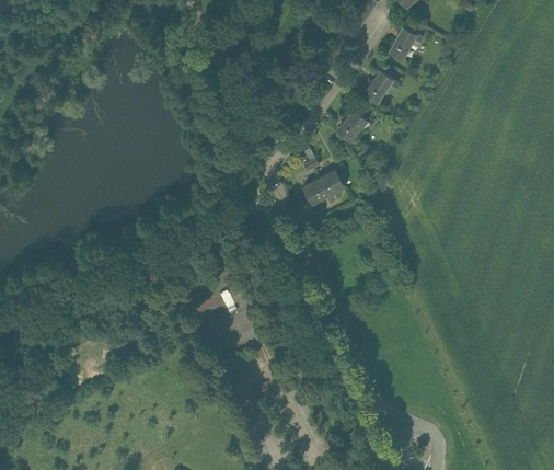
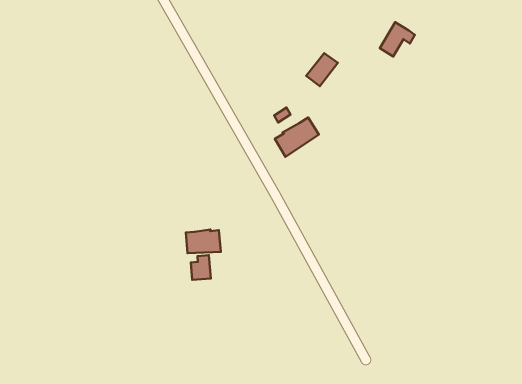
building: [363,72,397,104] -> [380,22,415,56]
building: none -> [186,229,221,253]

